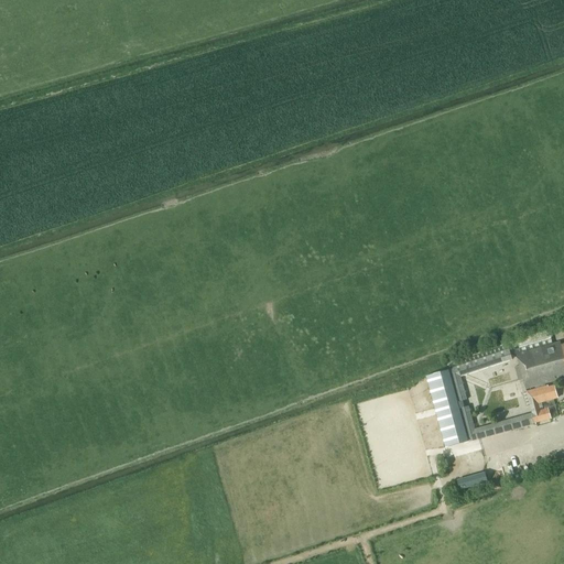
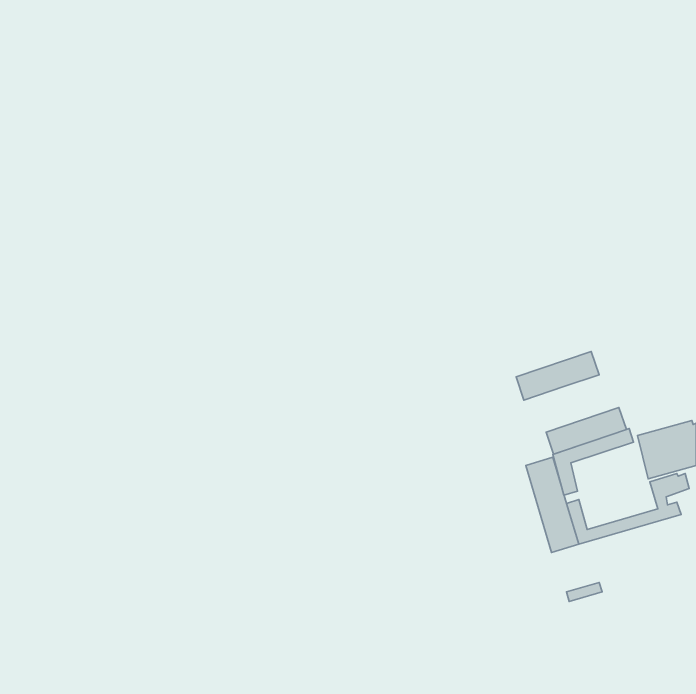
building: none -> [516,351,599,400]
building: none -> [546,407,626,454]

